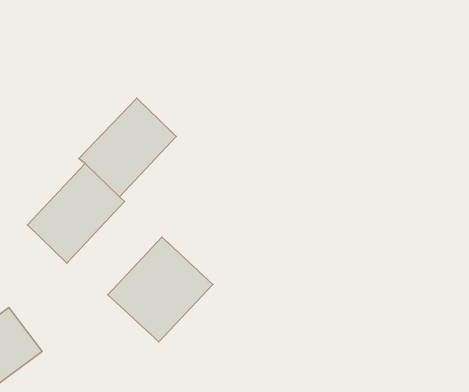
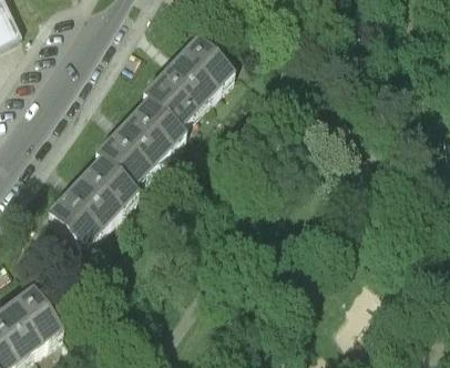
building: none -> [143,39,232,129]
building: [108,237,213,342] -> none

